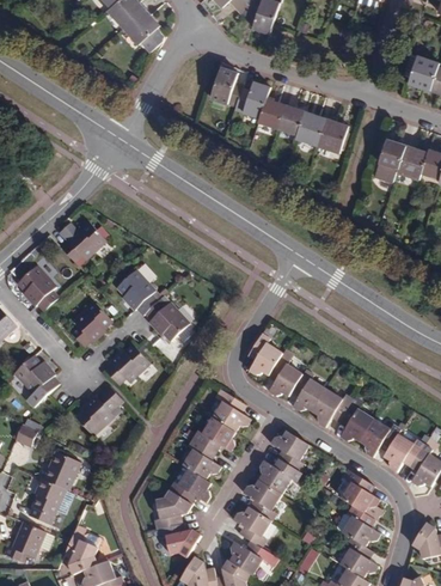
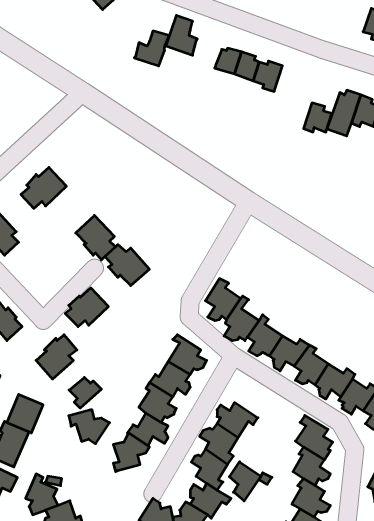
building: [233,78,269,114] -> [134,31,169,66]
building: [318,115,347,145] -> [304,103,332,132]
building: [69,299,111,344] -> none
building: [269,433,308,474] -> none
building: none -> [69,377,101,408]
building: none -> [229,462,261,501]
building: [158,523,200,557] -> [69,410,110,444]

